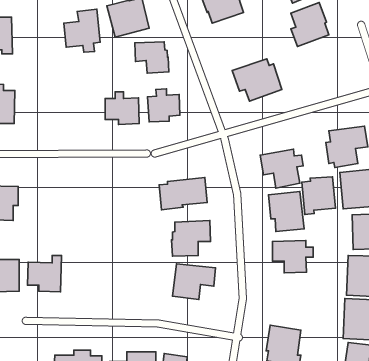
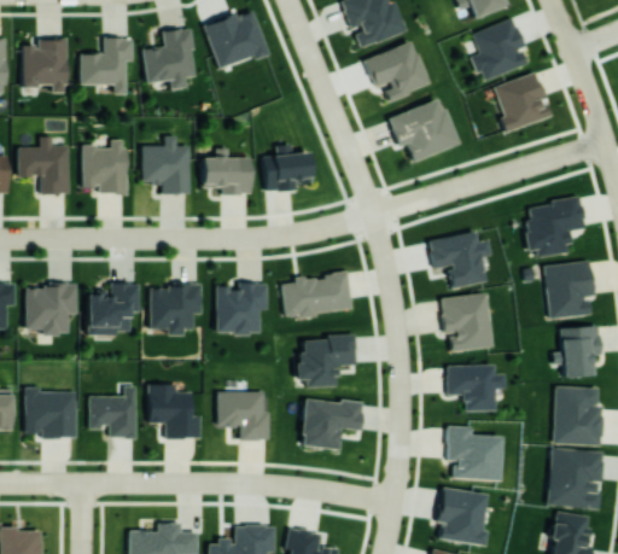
building: none -> [80,39,133,94]
building: none -> [365,42,428,100]
building: none -> [494,72,552,132]
building: [135,42,169,73] -> none
building: none -> [142,136,191,194]
building: none -> [82,140,128,194]
building: [302,177,336,214] -> none
building: none -> [87,284,140,334]
building: none -> [216,284,268,334]
building: none -> [150,286,202,336]
building: none -> [150,385,202,439]
building: none -> [217,391,270,441]
building: none -> [447,426,502,480]

